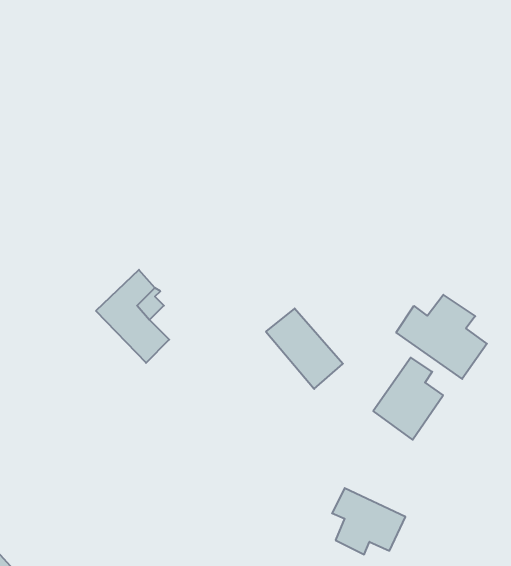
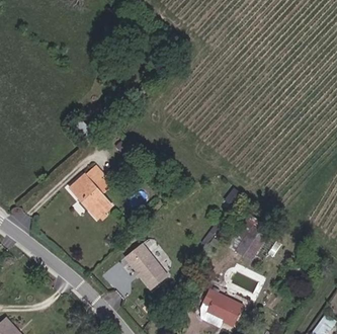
building: [396,295,487,379] -> none
building: [266,308,343,389] -> [125,246,169,291]

